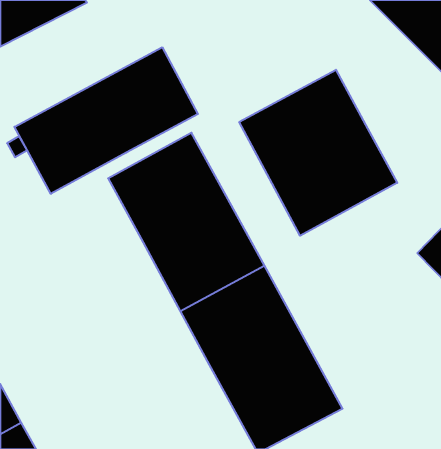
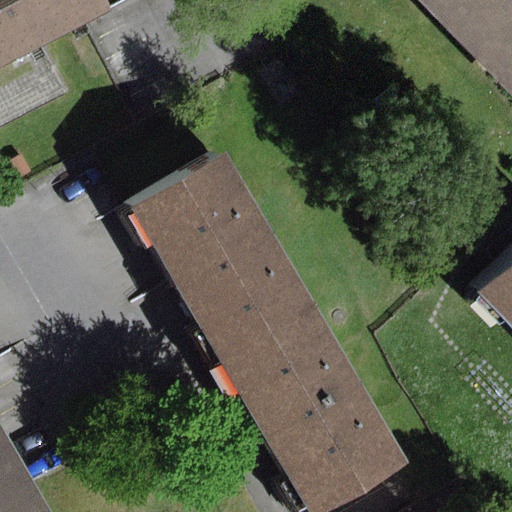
building: [14,47,198,194] -> none
building: [239,70,397,236] -> none

